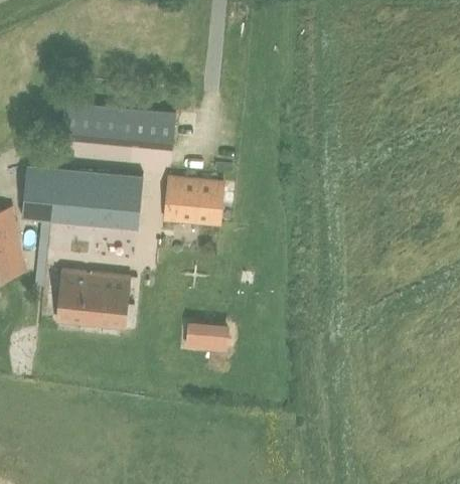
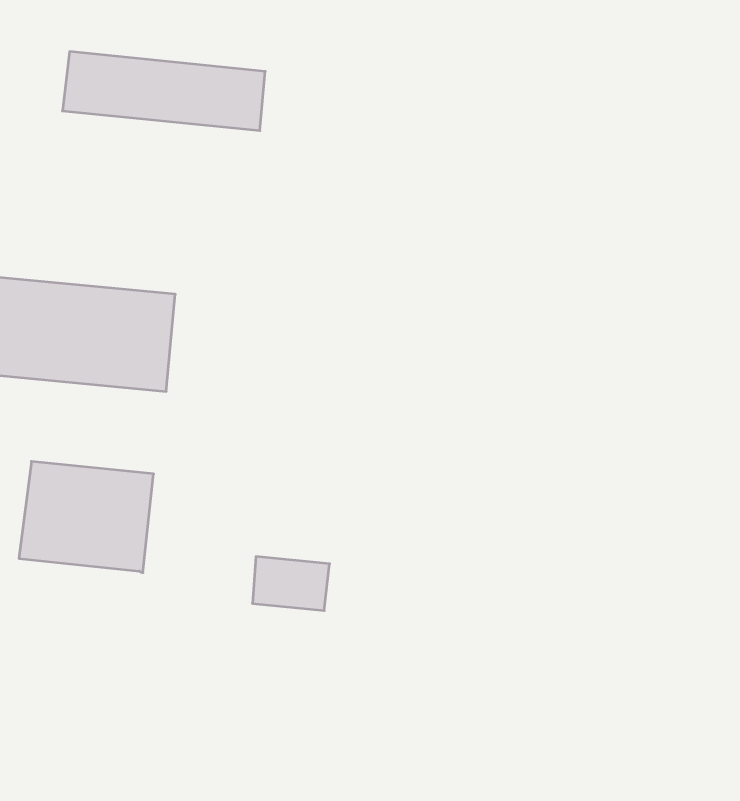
building: [61,104,175,148] -> [62,52,265,131]
building: [165,178,223,225] -> none

